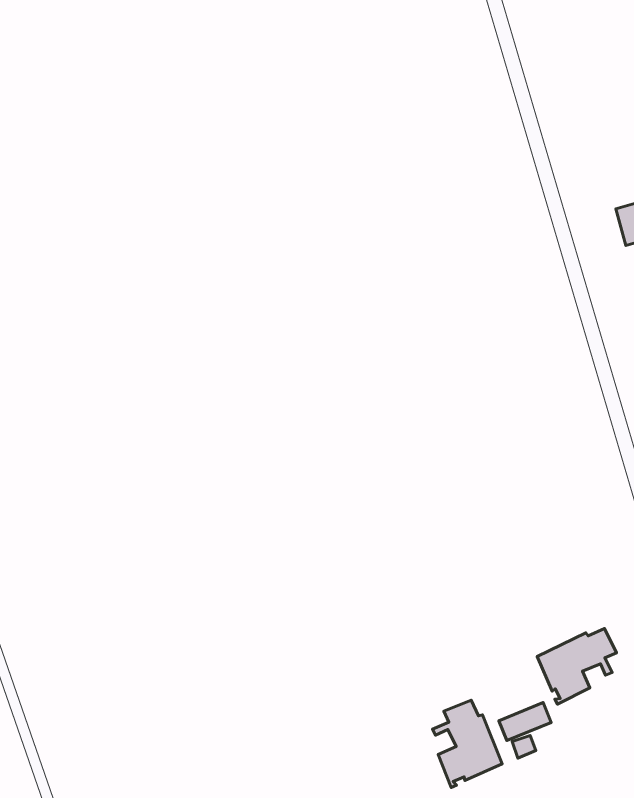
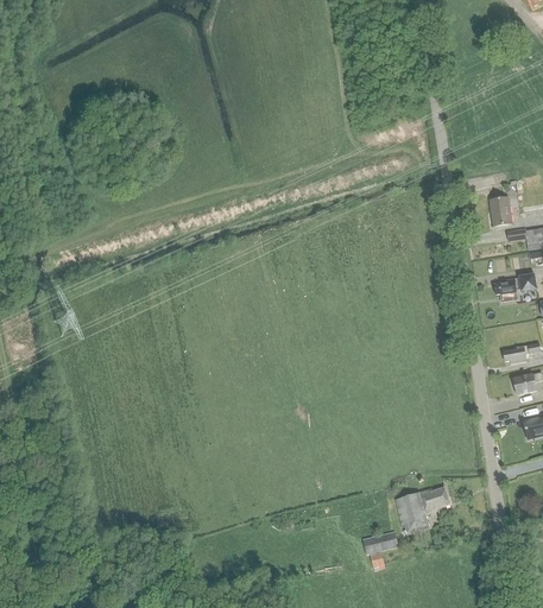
building: [432,700,502,787] -> none

